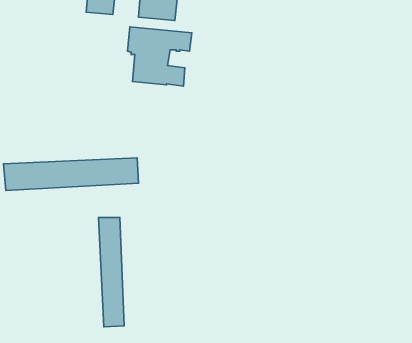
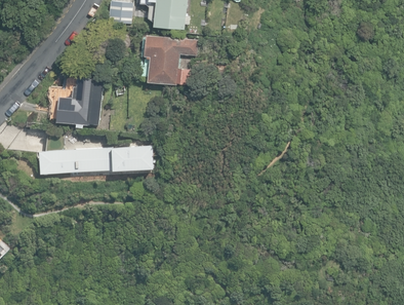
building: none -> [54,76,104,126]
building: [98,218,124,327] -> none

